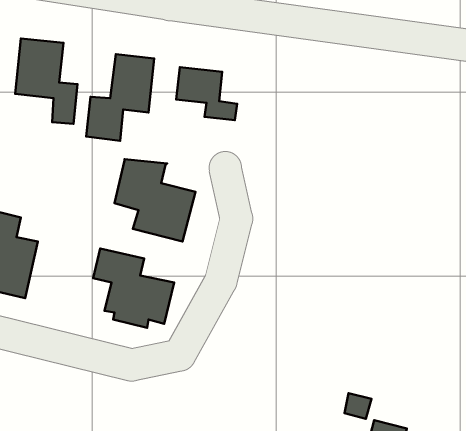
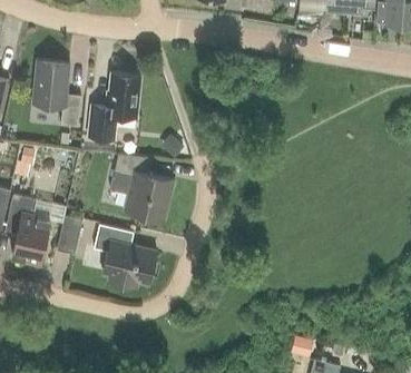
building: [176,67,237,120] -> none
building: none -> [57,215,82,254]

